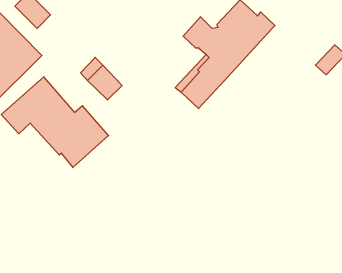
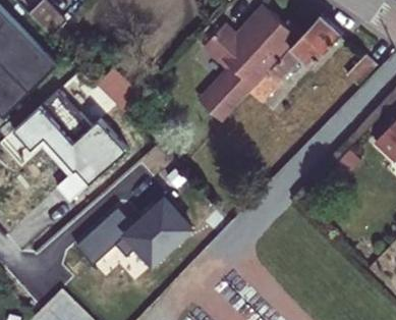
building: none -> [249,14,342,102]
building: none -> [75,195,191,265]

